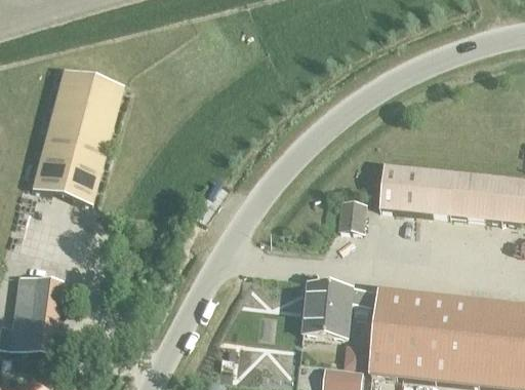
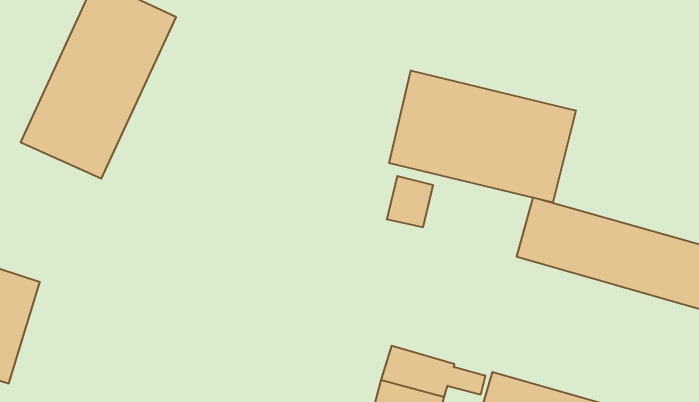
building: none -> [389,70,576,202]
building: [339,197,367,229] -> [387,176,433,227]

